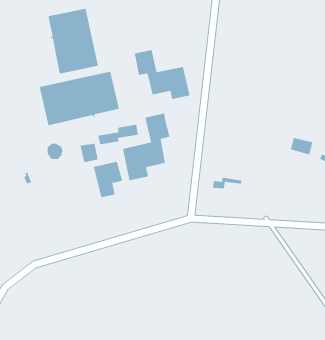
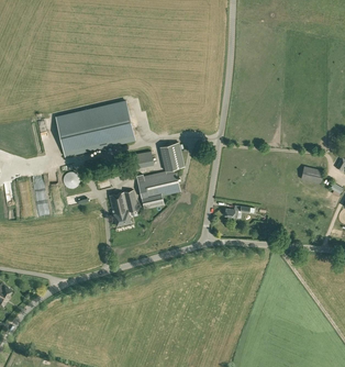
building: [48,8,99,75] -> none
building: [133,49,190,100] -> none

